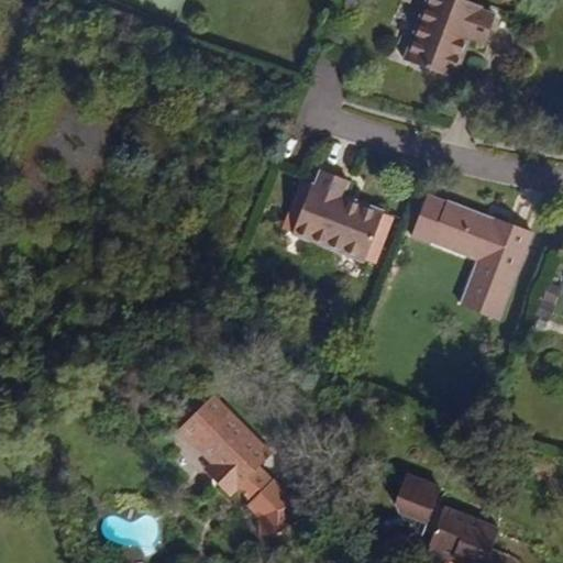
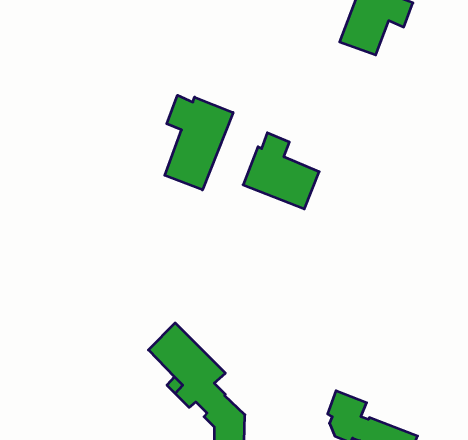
building: none -> [165,95,233,190]
building: [411,196,531,319] -> none

